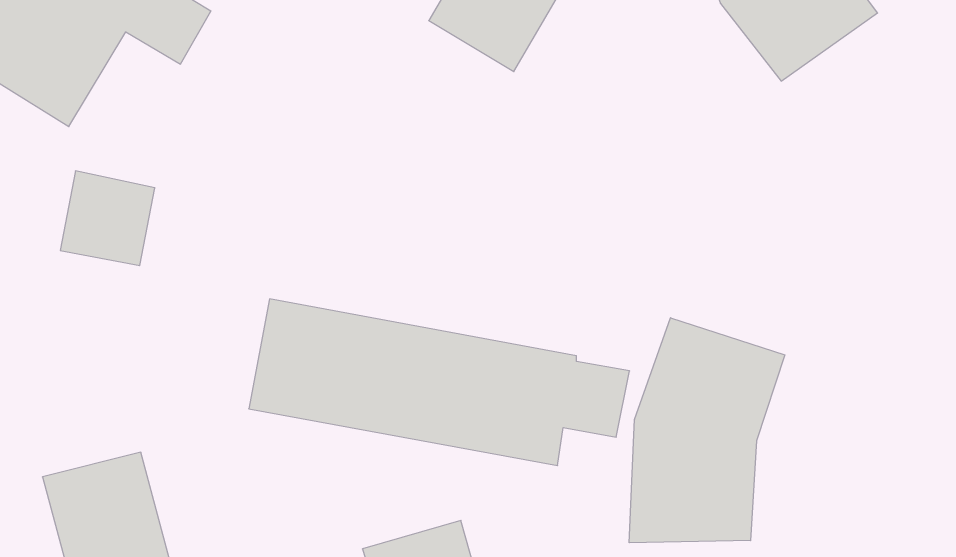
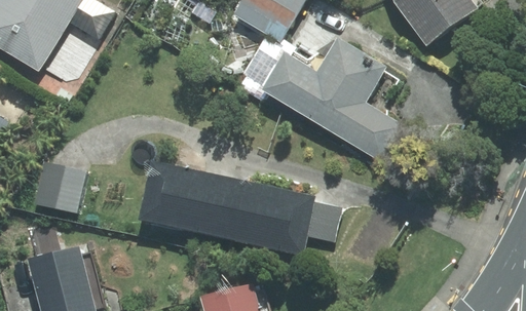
building: none -> [260,37,405,161]
building: [60,171,155,266] -> [35,158,86,209]
building: [629,318,785,543] -> none

